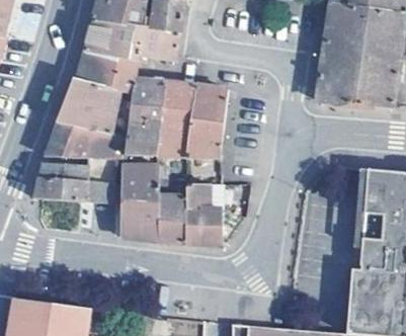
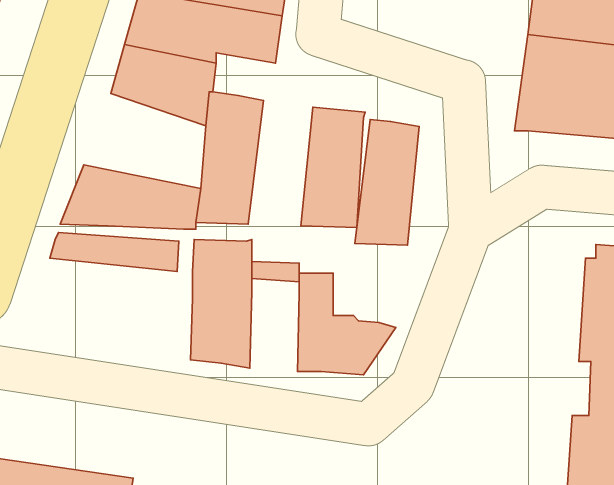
building: [58,77,131,134] -> none
building: [156,81,194,156] -> [355,120,419,245]
building: [31,175,123,201] -> none
building: [157,195,186,243] -> none

